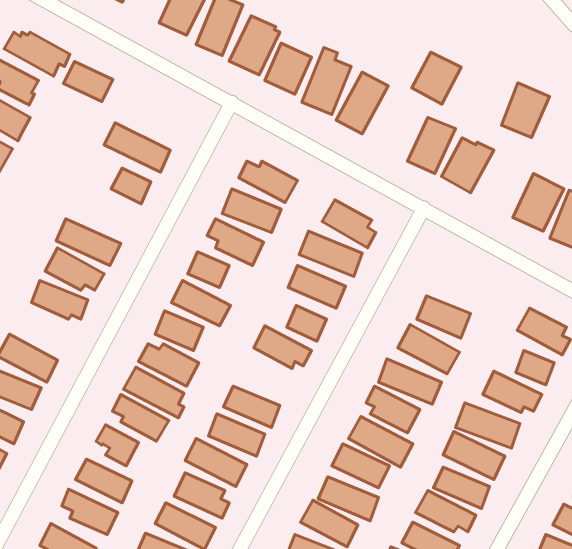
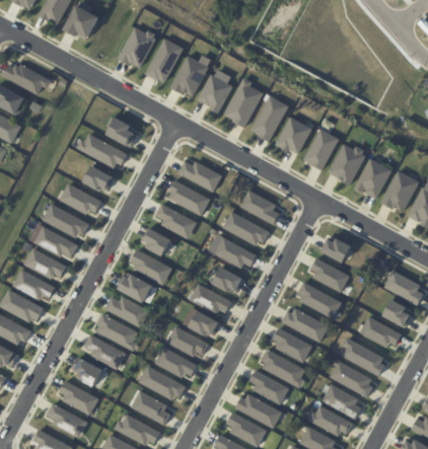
building: [412,52,461,104] -> [275,117,311,155]
building: [64,62,113,101] -> [103,118,140,147]
building: [501,83,549,138] -> [355,158,390,199]
building: none -> [60,183,101,216]
building: none -> [319,235,350,261]
building: none -> [12,269,55,300]
building: none -> [189,311,219,338]

